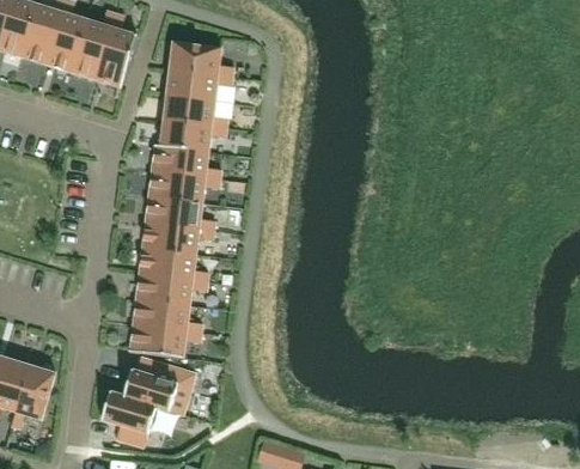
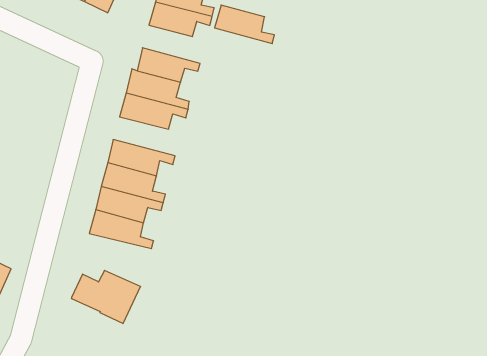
building: [163,95,227,128] -> [215,5,274,44]
building: [145,196,214,230] -> none
building: [129,324,201,358] -> none
building: [102,391,155,447] -> none

